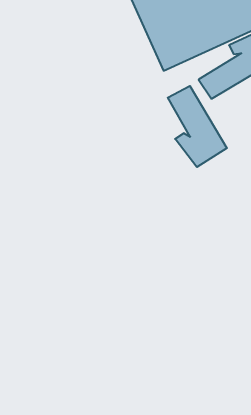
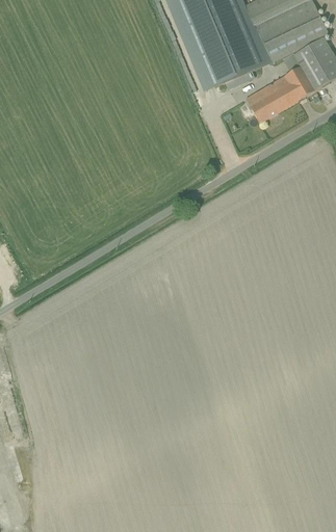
building: [168,86,227,167] -> none

